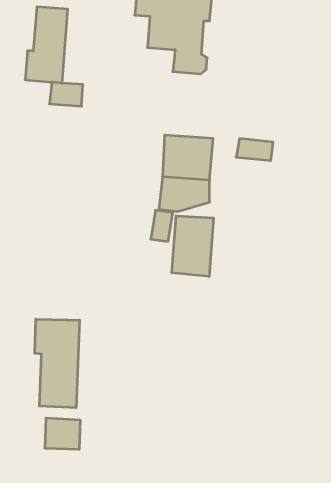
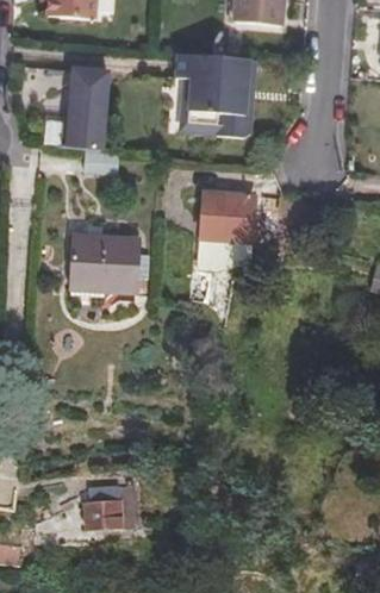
building: none -> [70,237,139,291]
building: [172,216,213,277] -> none
building: [35,319,80,408] -> none

